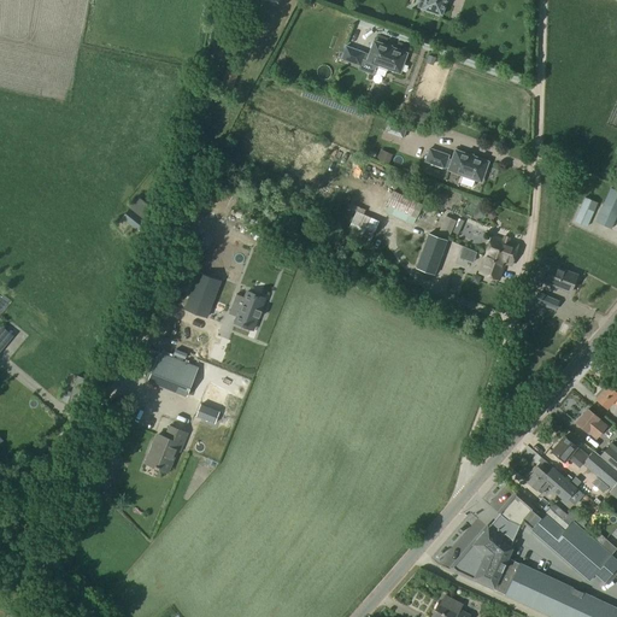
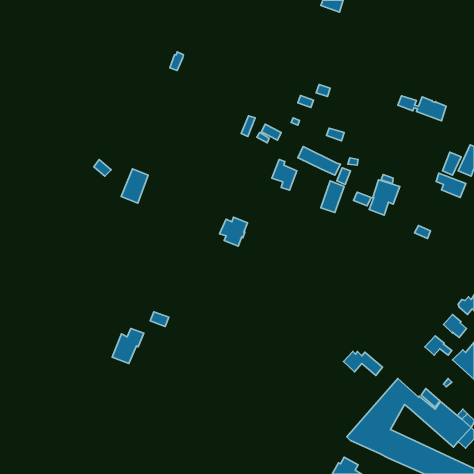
building: [340,42,406,74] -> none
building: [424,149,487,182] -> [398,96,446,121]
building: [539,262,577,293] -> [436,173,466,197]
building: [184,274,219,318] -> [121,169,148,203]
building: [228,293,264,330] -> [220,217,247,246]
building: [148,353,198,396] -> none
building: [527,468,577,499] -> [343,351,382,375]

